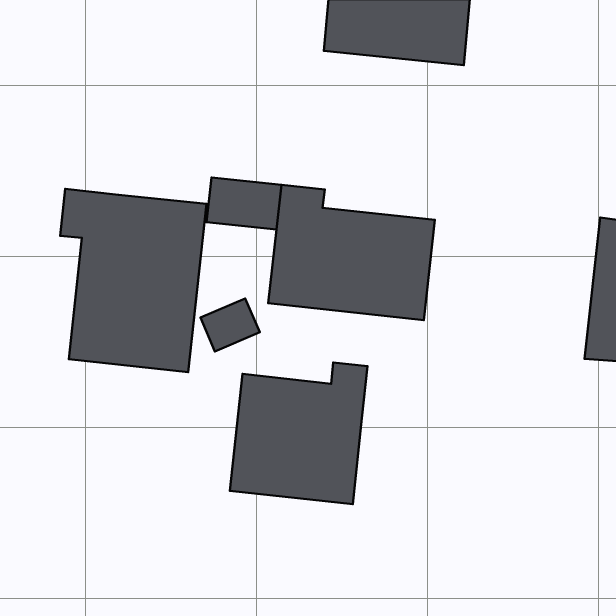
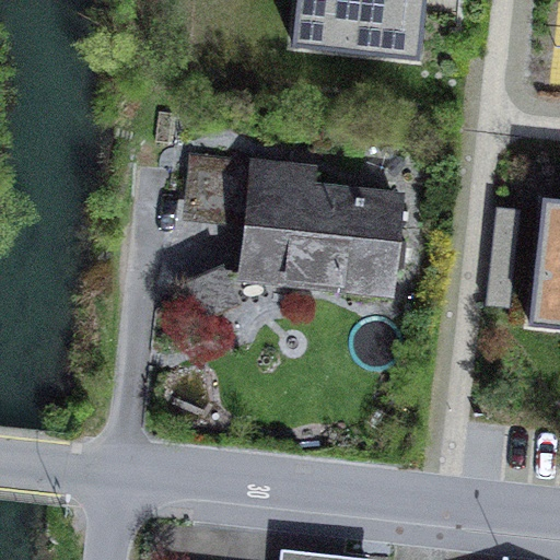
building: [60,189,206,372] -> none
building: [230,362,367,504] -> none

